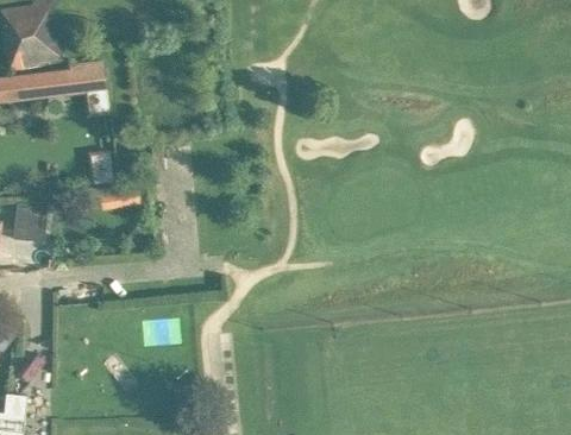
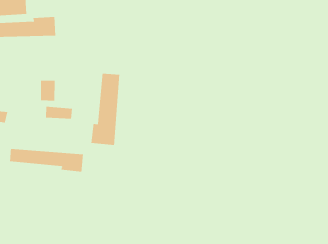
building: none -> [91,73,120,146]
building: none -> [10,148,84,172]

